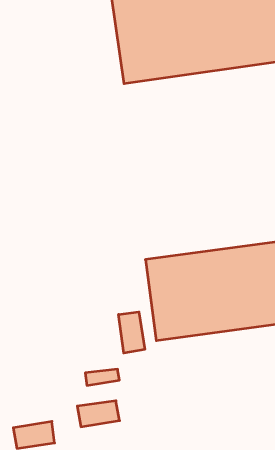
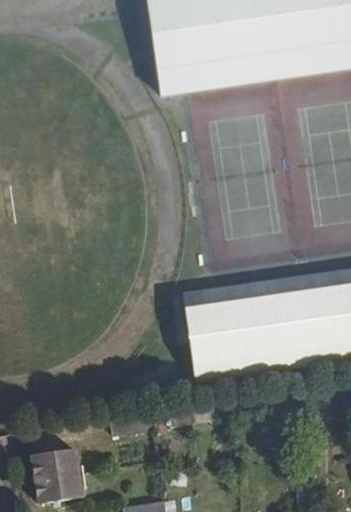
building: [119,312,145,353] -> none
building: [77,401,120,427] -> [32,449,79,478]

